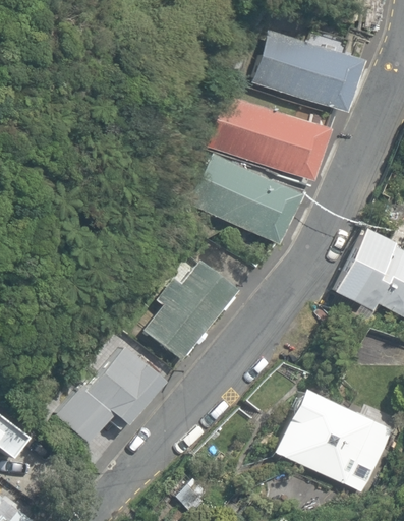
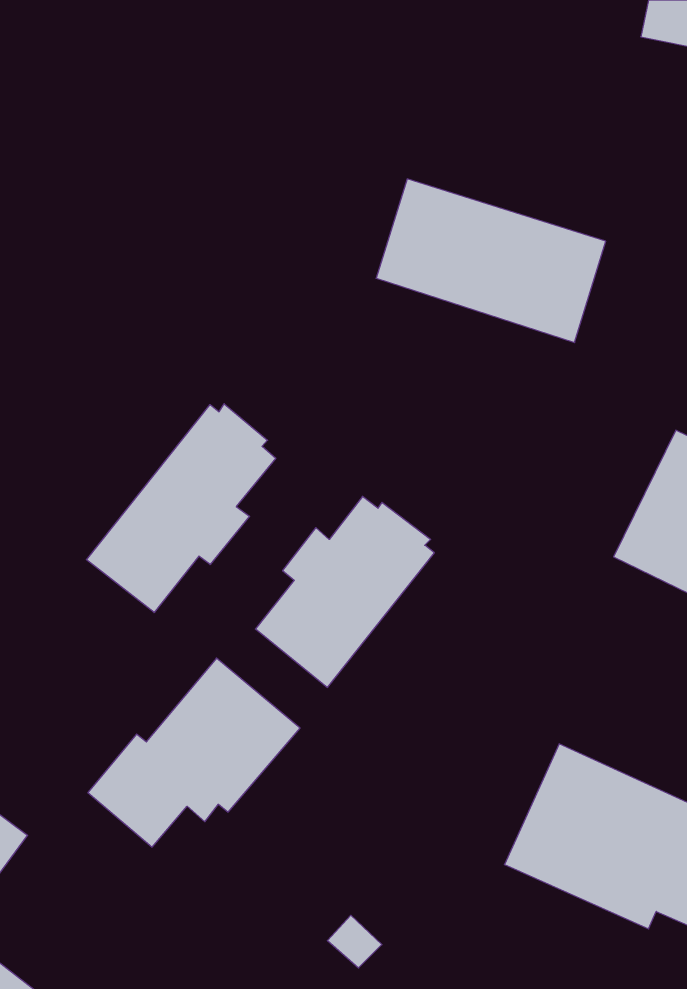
building: [253,31,360,111] -> none
building: [189,151,299,250] -> none
building: none -> [86,404,276,613]

